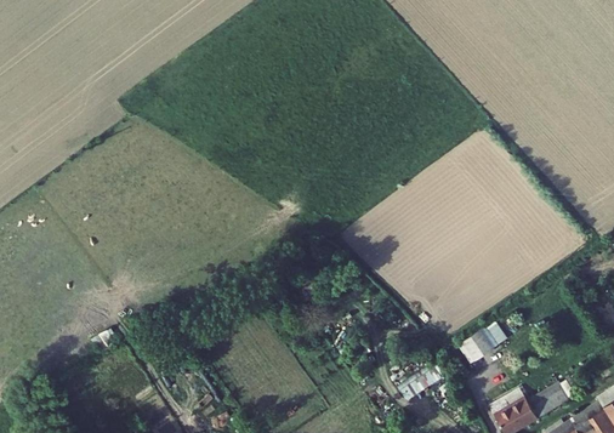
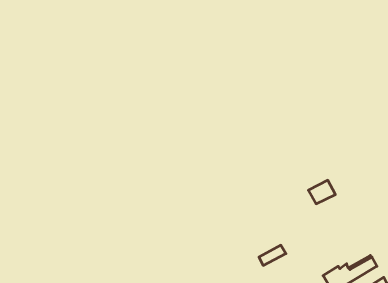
building: [460,326,499,360] -> [308,180,335,204]

